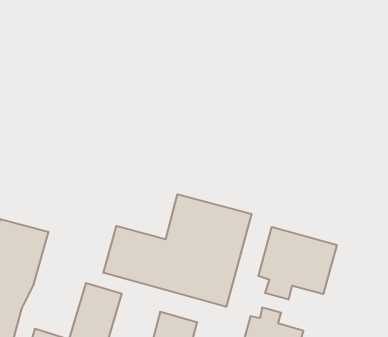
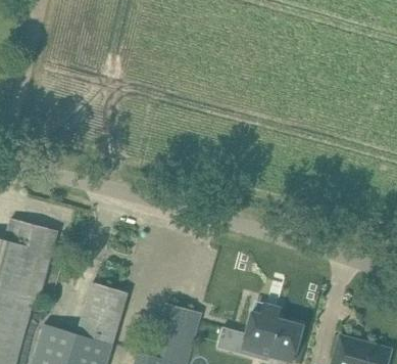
building: [103,194,251,307] -> none
building: [258,227,337,300] -> none

